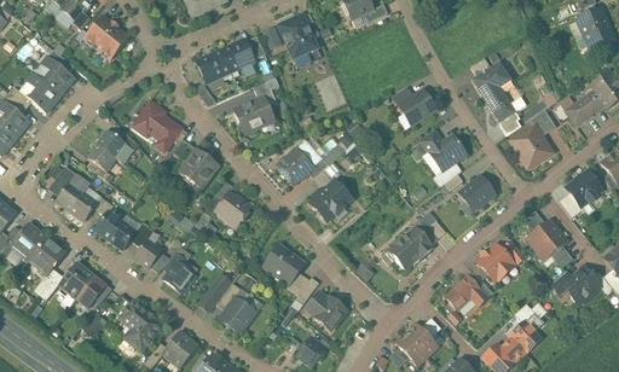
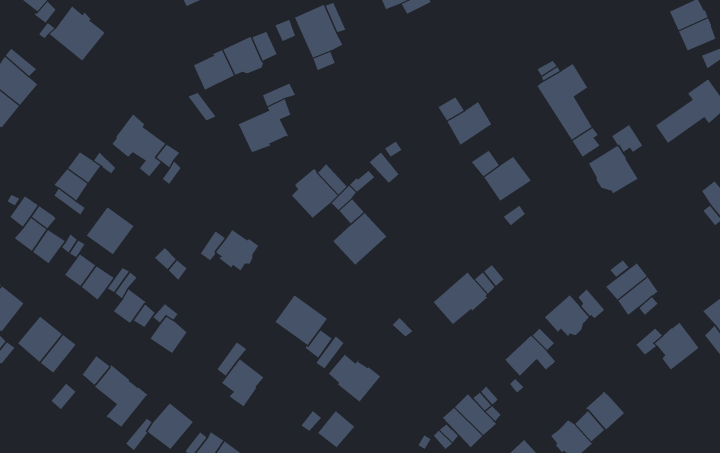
building: [179,149,218,187] -> [86,206,134,255]
building: [562,165,604,208] -> none
building: [458,175,494,210] -> none

